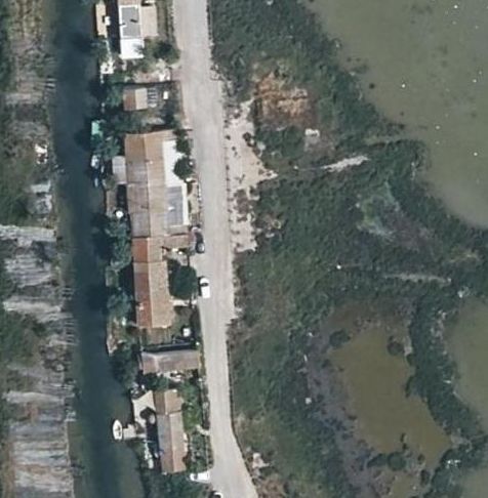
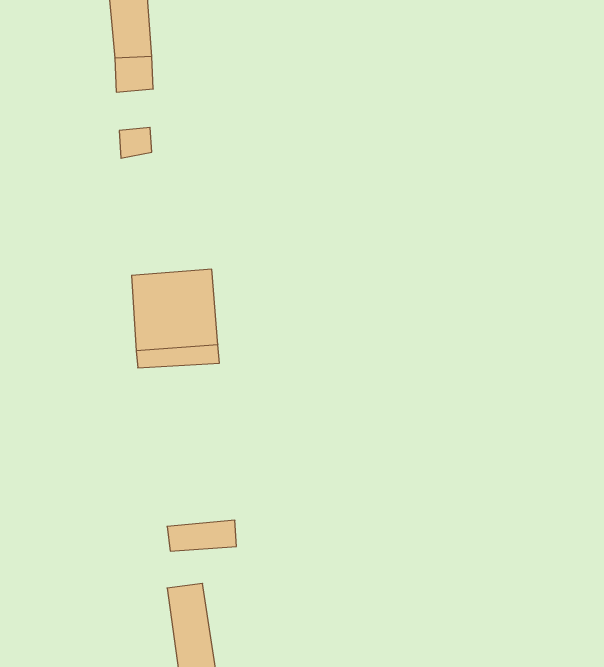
building: [124,128,182,186] -> none
building: [134,261,163,323] -> none

